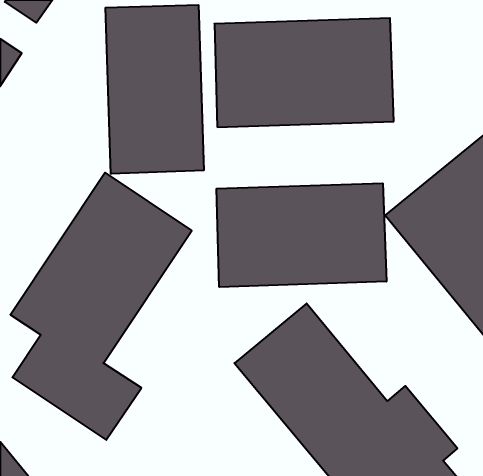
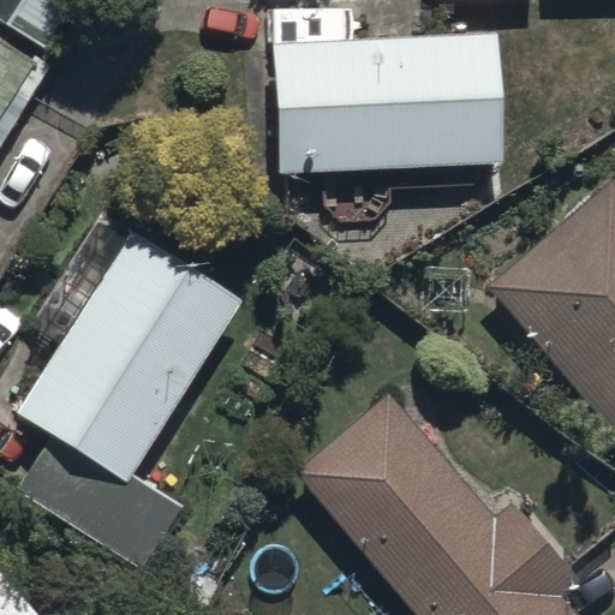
building: [106,5,204,174] -> none
building: [217,183,386,287] -> none

